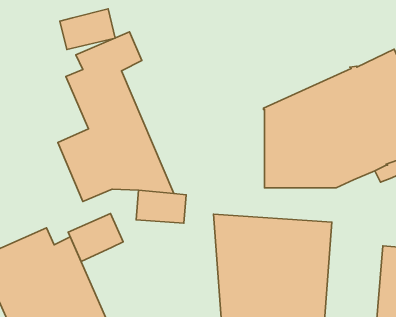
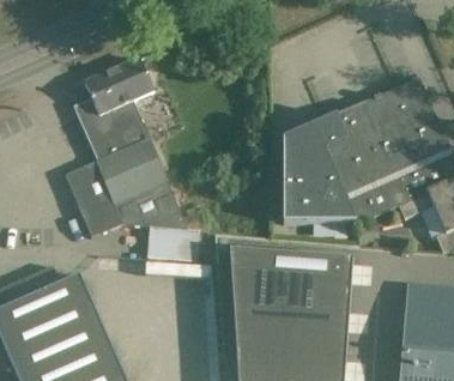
building: [60,9,115,49] -> none
building: [68,214,123,262] -> none

